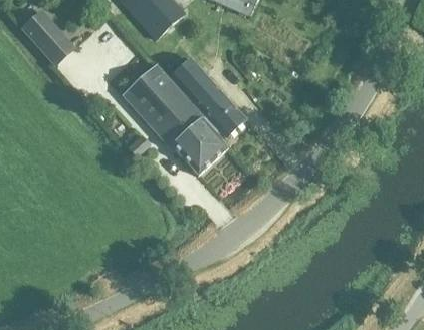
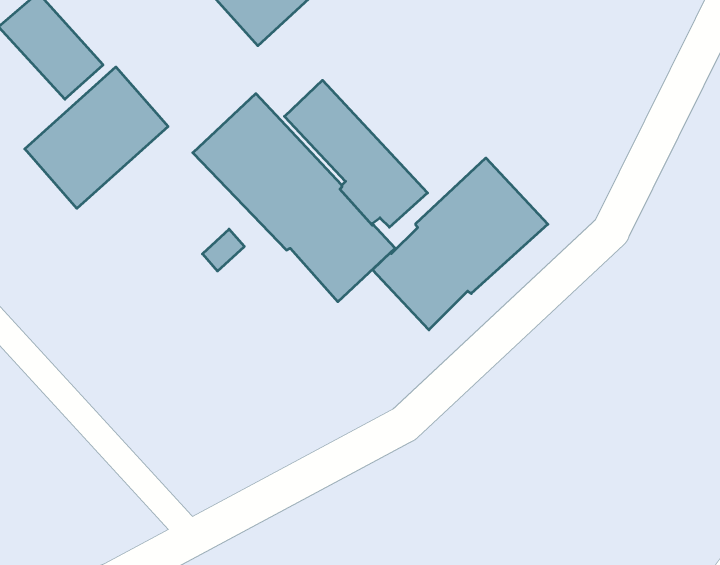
building: none -> [25,67,168,208]
building: none -> [373,158,548,330]

